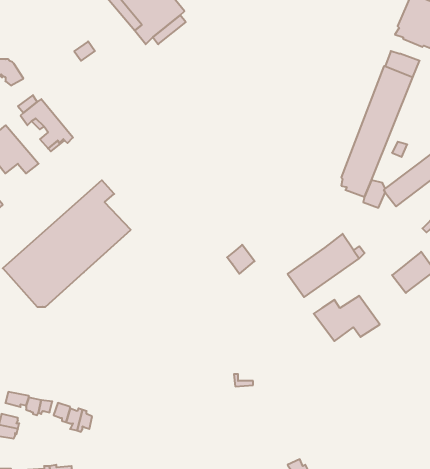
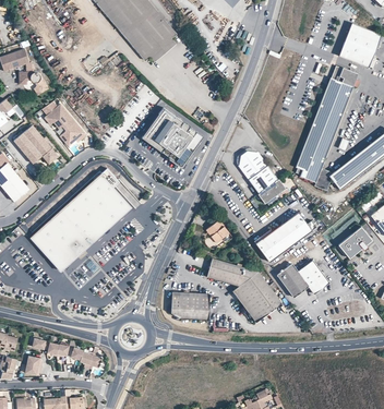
building: none -> [141,109,202,167]
building: none -> [239,147,286,201]
building: none -> [206,257,281,321]
building: none -> [170,290,208,318]

